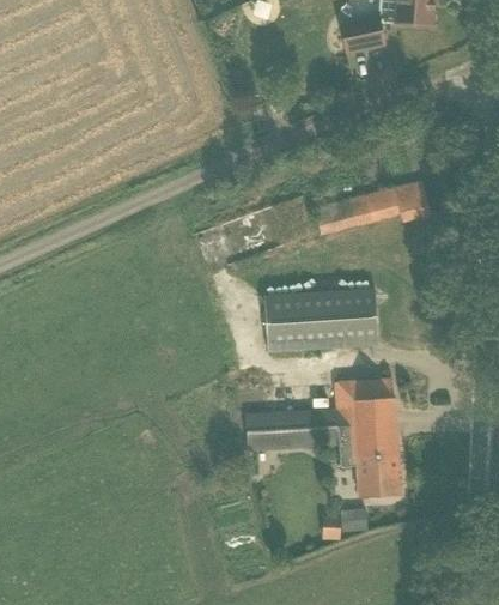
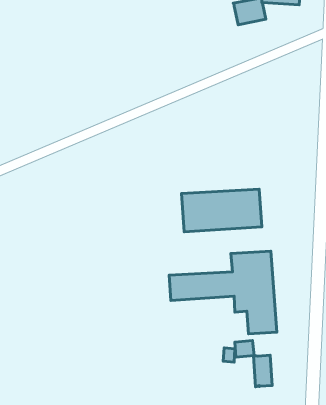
building: [315,182,431,235] -> none
building: none -> [253,355,272,387]

